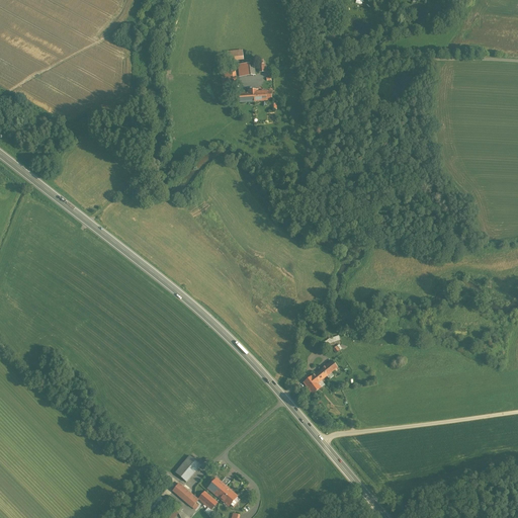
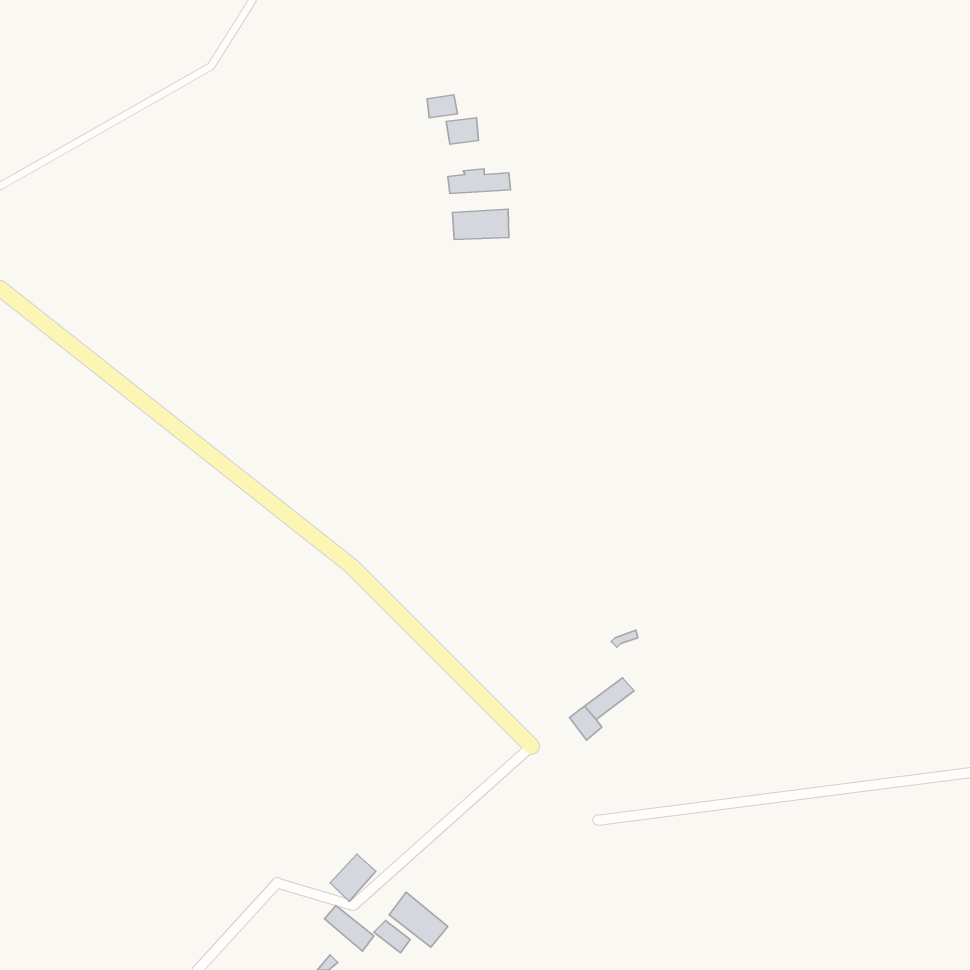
building: none -> [452,209,509,239]

